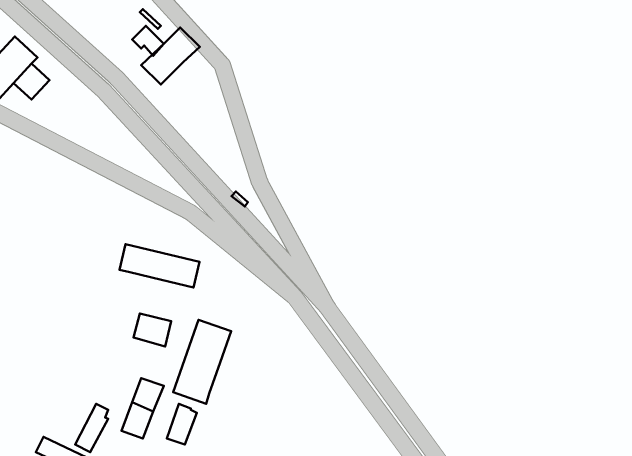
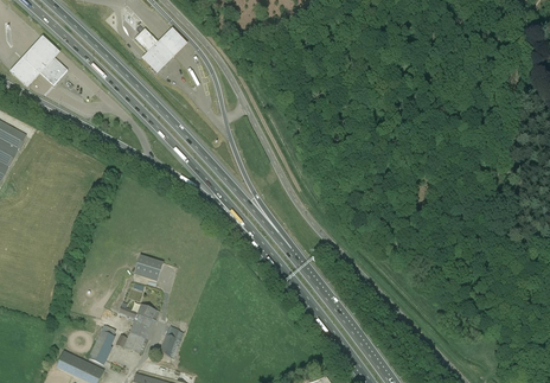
building: [120,244,199,287] -> none
building: [173,320,231,404] -> none

